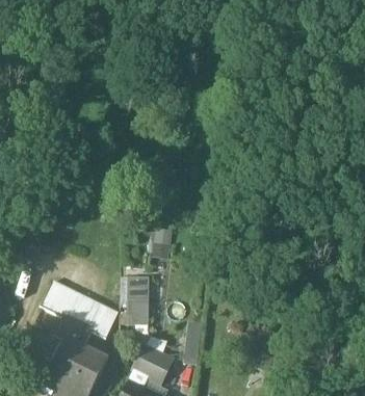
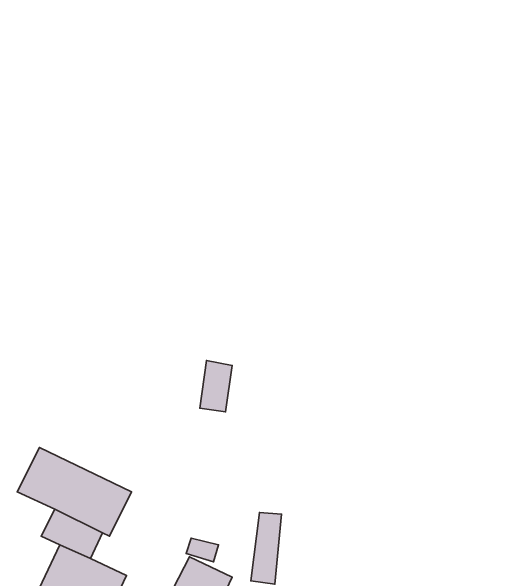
building: [127,278,148,325] -> none

